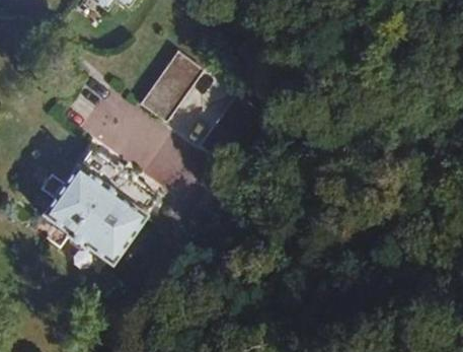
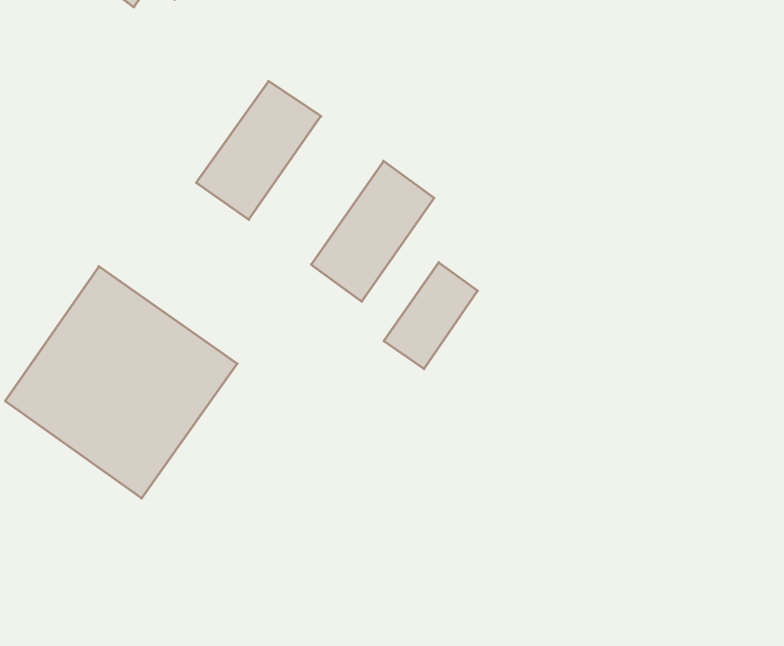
building: none -> [384,262,478,369]

